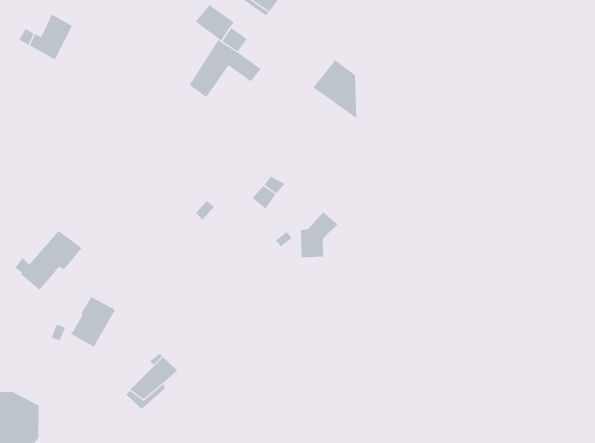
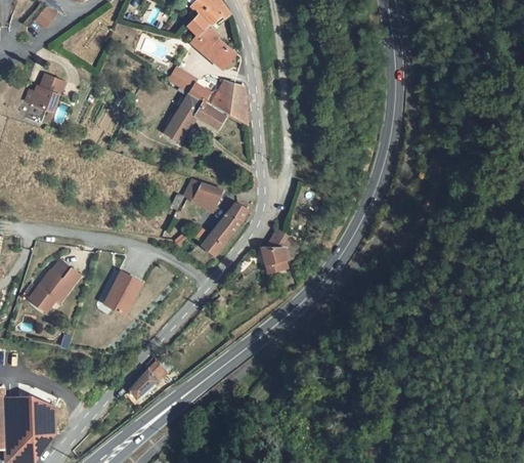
building: [313,59,357,119] -> [209,80,248,129]
building: none -> [183,178,225,211]
building: none -> [203,222,233,252]
building: [71,296,116,348] -> [105,271,142,314]

